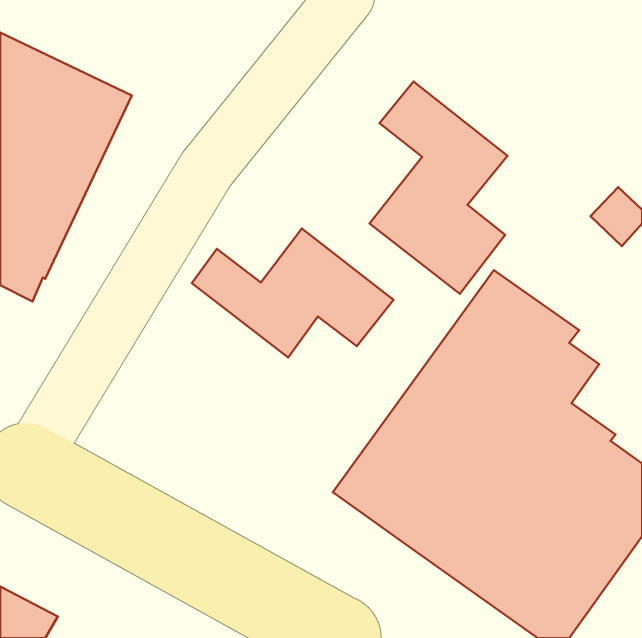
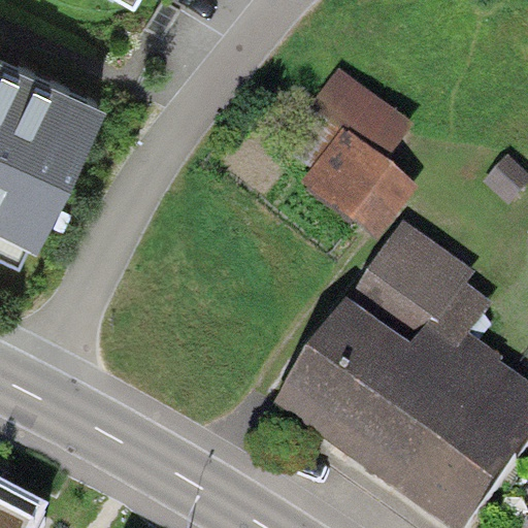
building: [192,229,394,357] -> none

